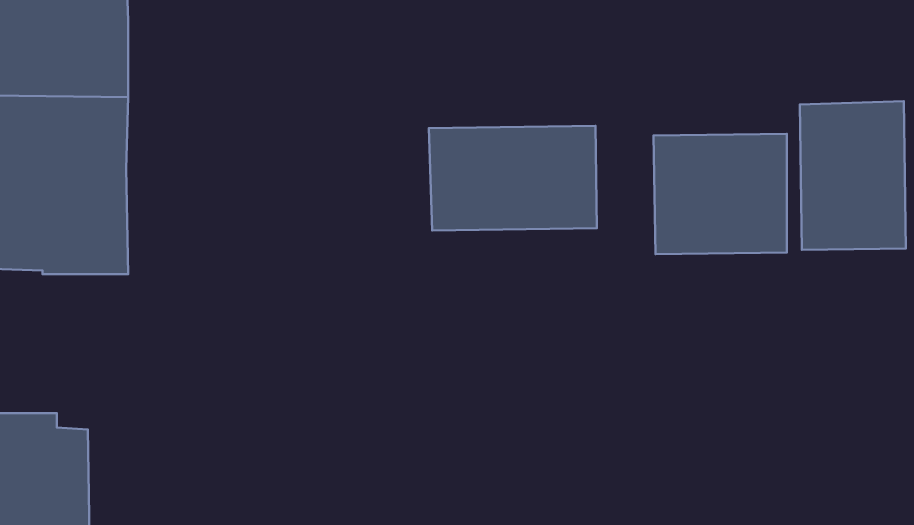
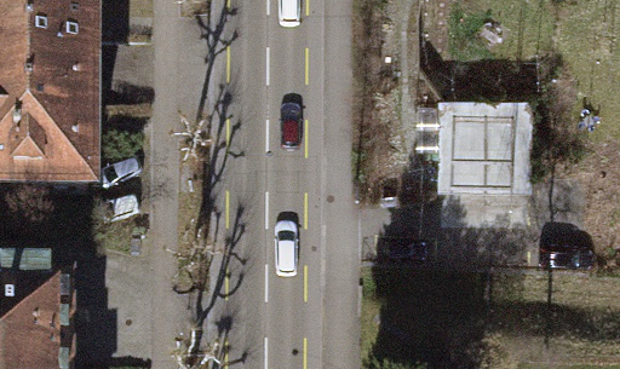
building: [800,101,906,250] -> none
building: [429,126,597,231] -> none

